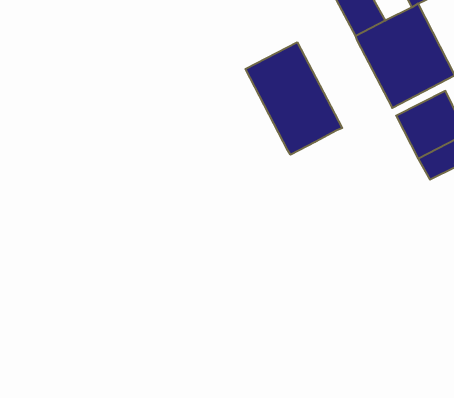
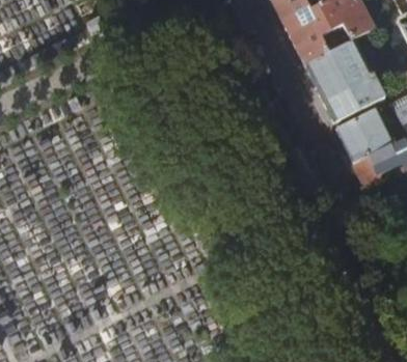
building: [245,42,342,155] -> none

